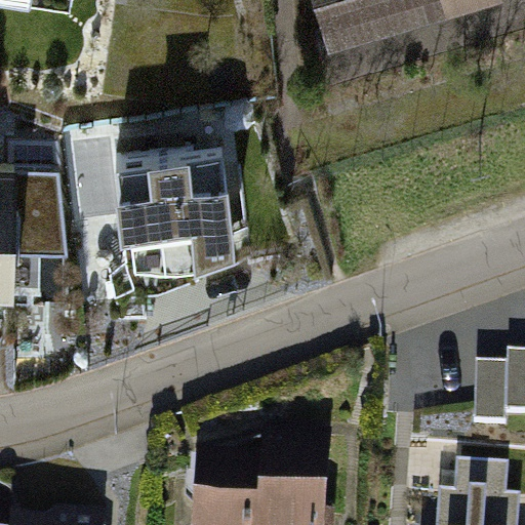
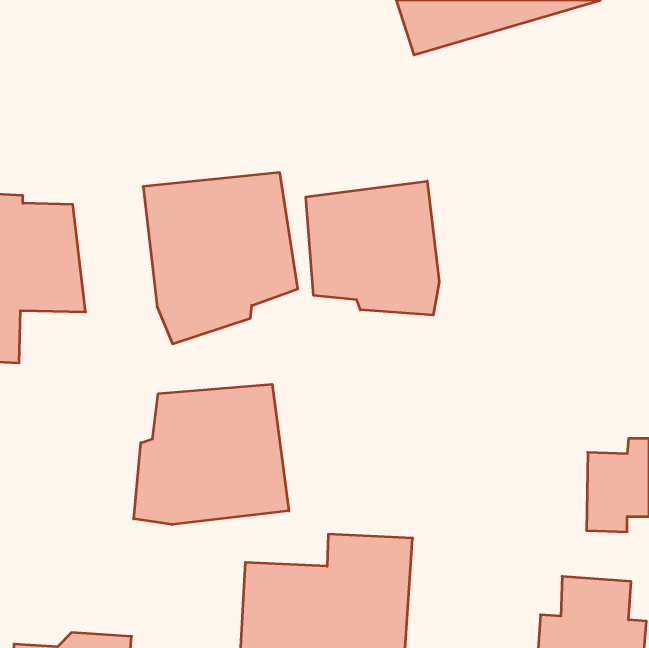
building: none -> [306,181,439,315]
building: none -> [134,384,289,525]

